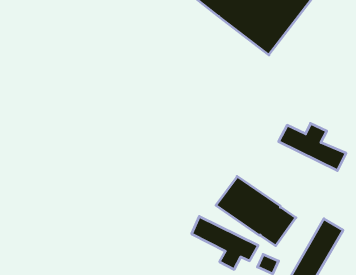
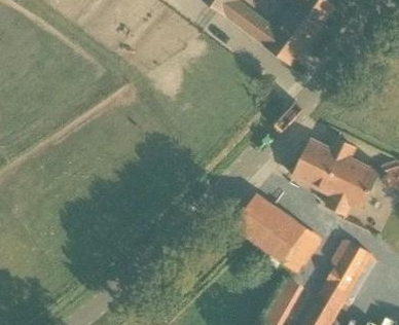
building: [192,216,258,269] -> [293,158,364,215]

